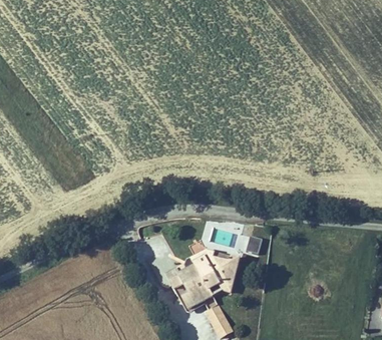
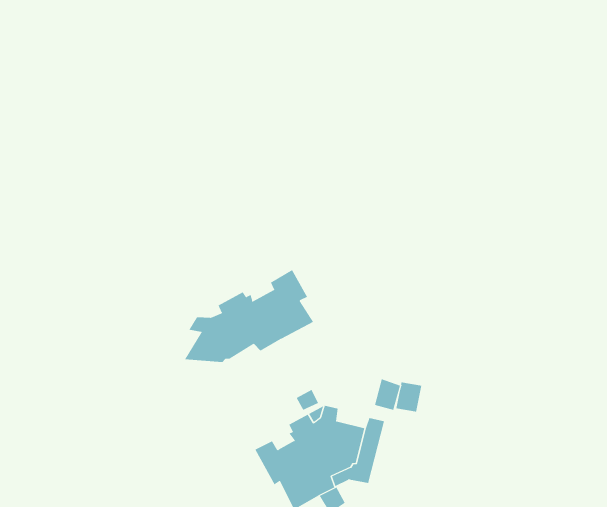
building: none -> [184,269,314,363]

